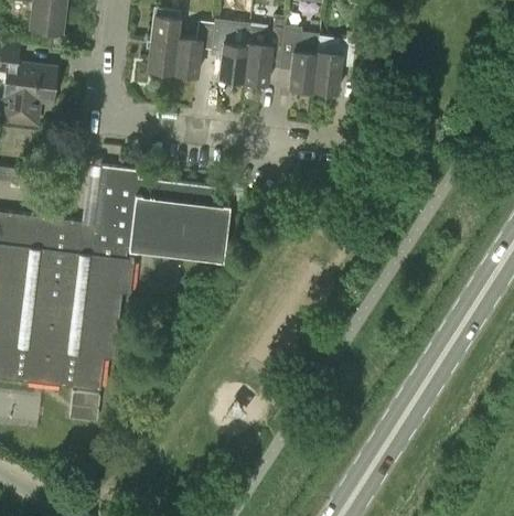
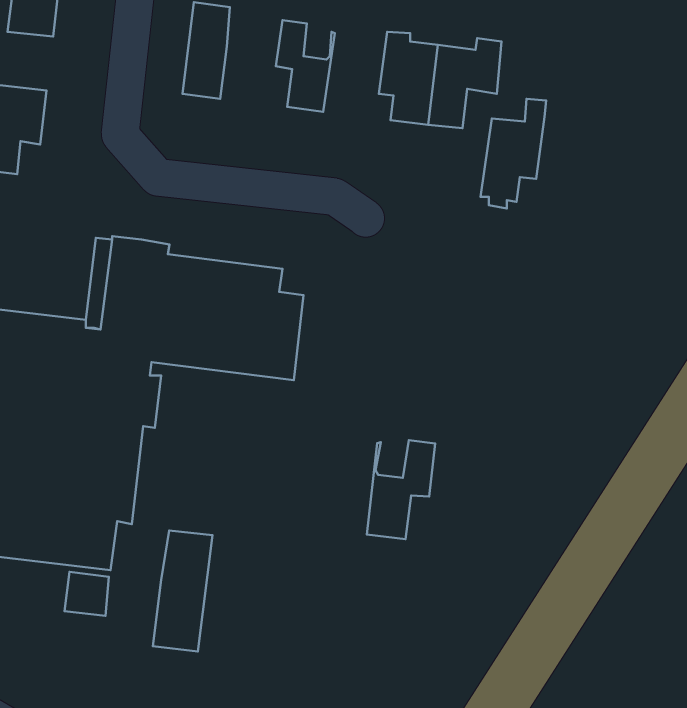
building: [244,17,288,90] -> [481,99,546,208]
building: [174,20,216,77] -> none
building: none -> [367,440,435,539]
building: none -> [153,530,212,651]

